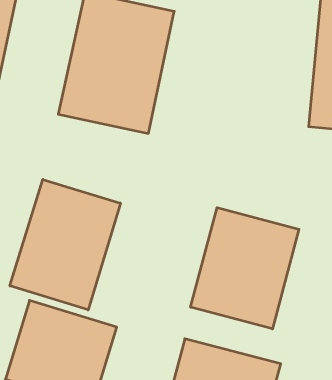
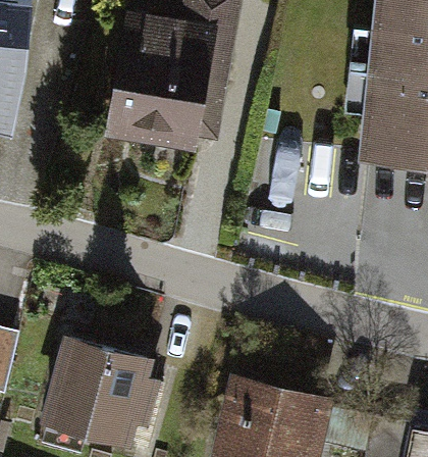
building: [10,179,120,310] -> none
building: [191,208,299,329] -> none

